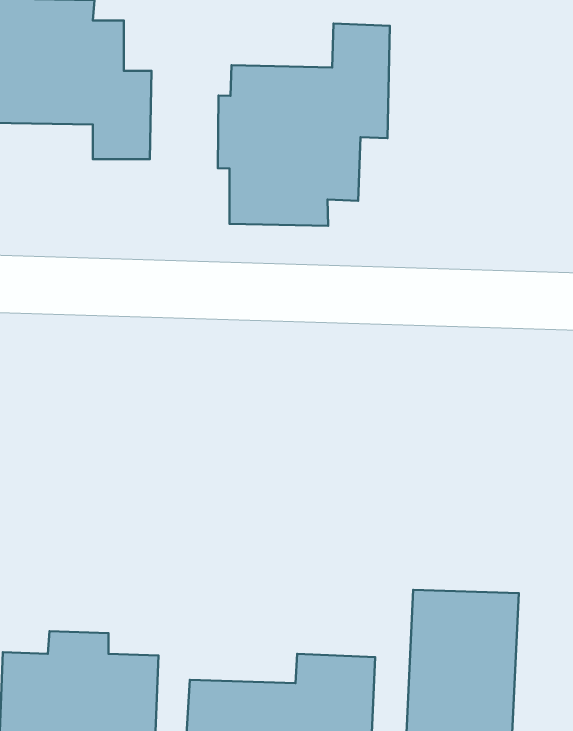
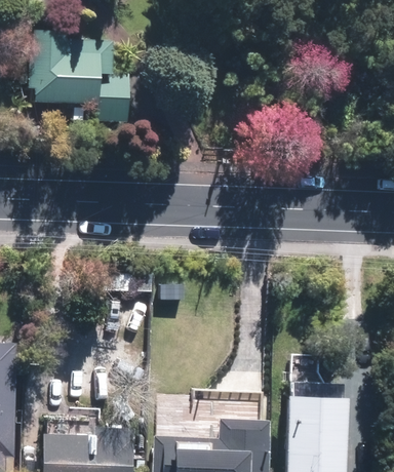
building: [218,23,390,226] -> none

